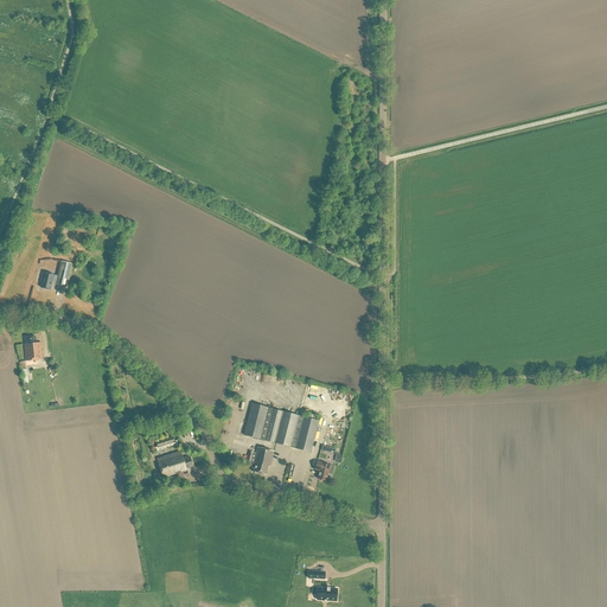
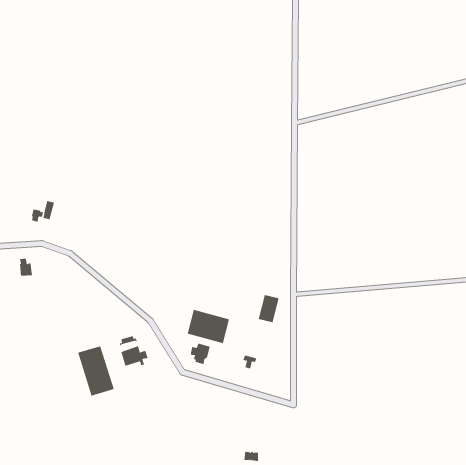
building: [290,415,319,452] -> [258,295,280,323]
building: none -> [77,345,114,396]

